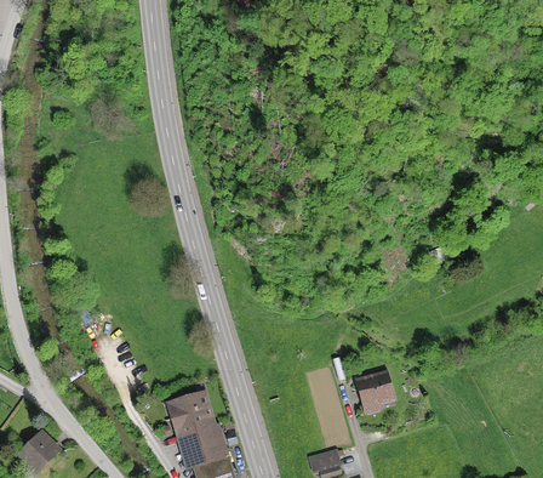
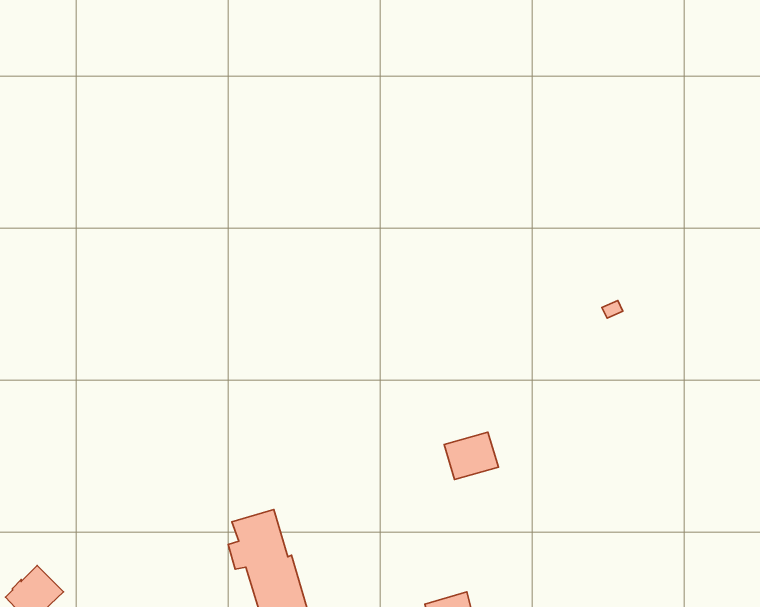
building: [355,371,393,404] -> [444,432,499,479]

